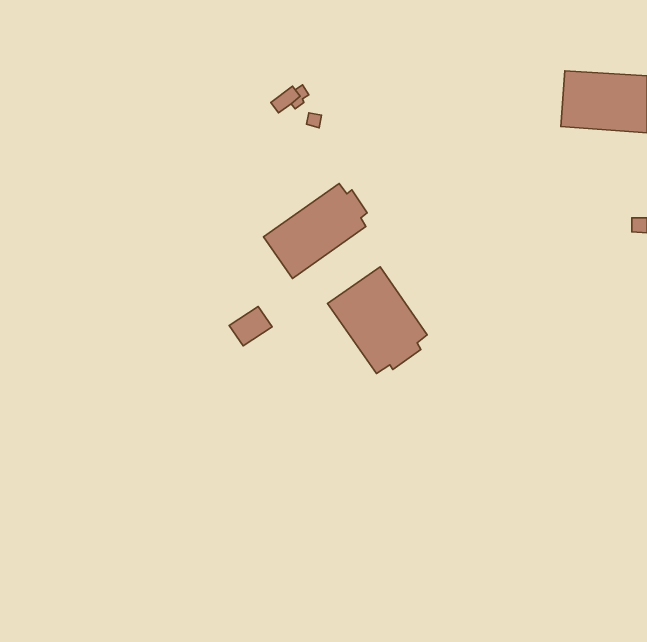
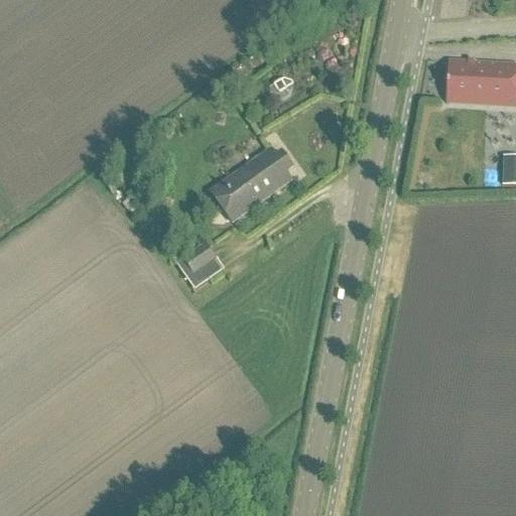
building: [328,267,427,374] -> none

